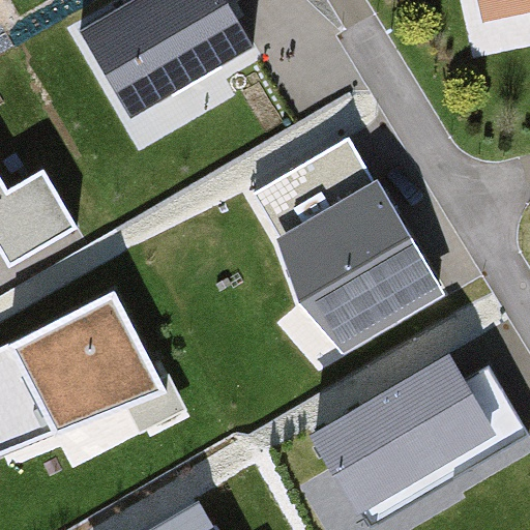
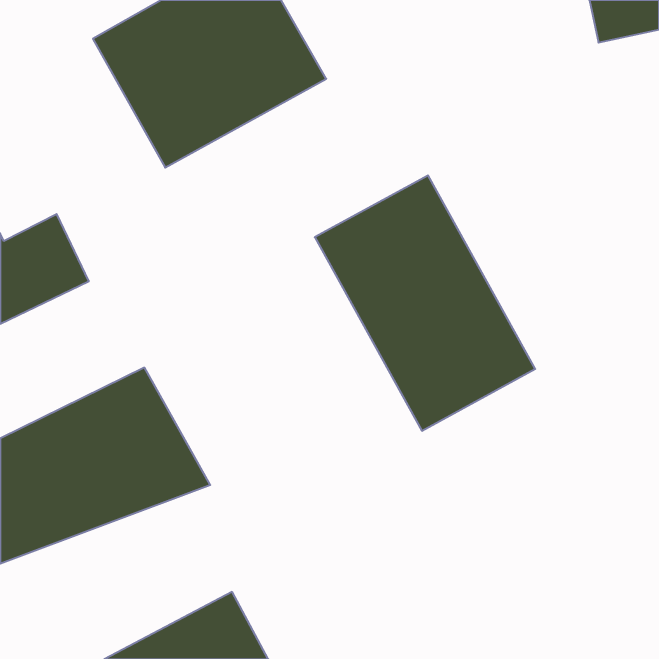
building: [315,357,500,521] -> none

